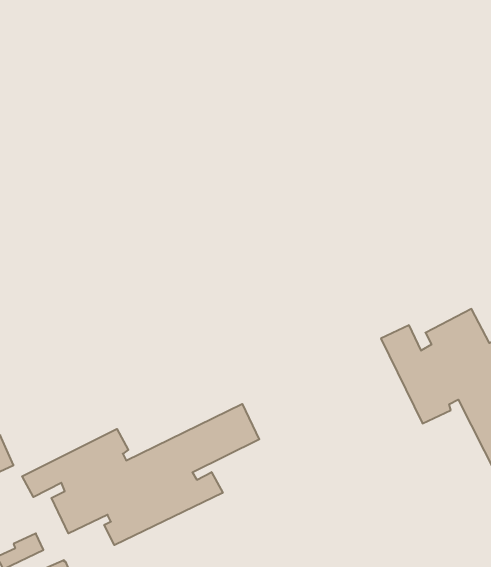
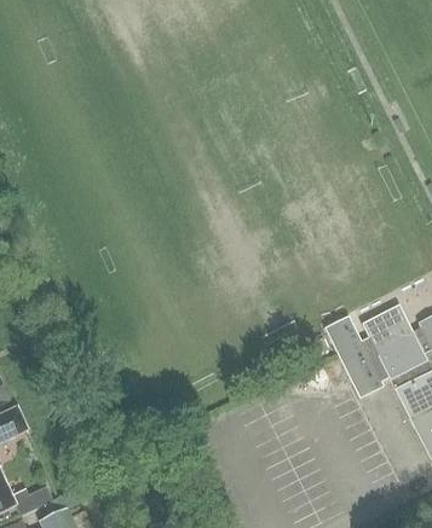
building: [22,404,259,545] -> none

